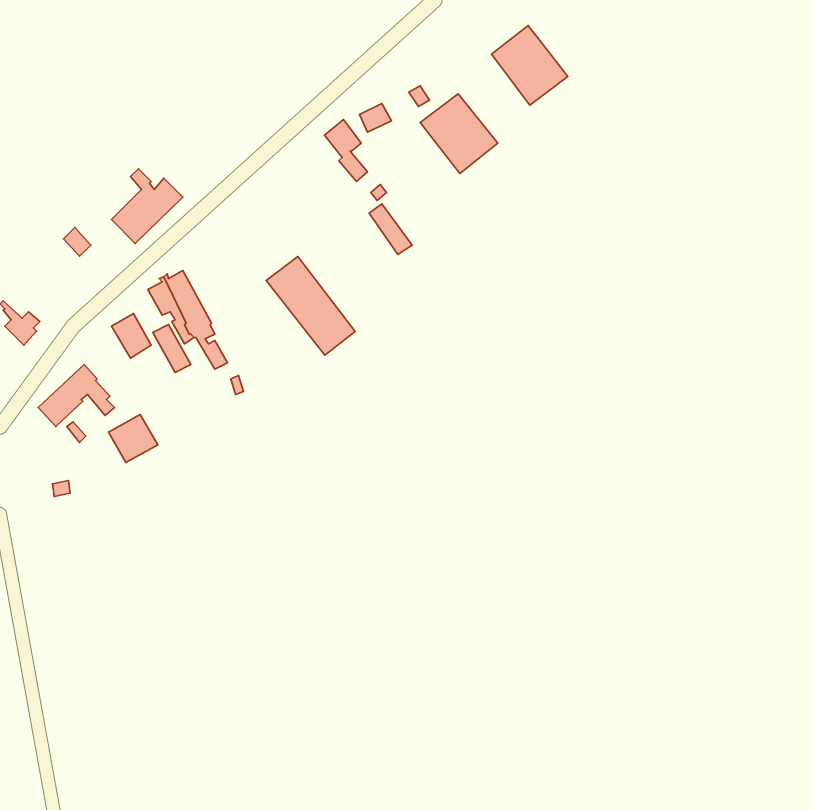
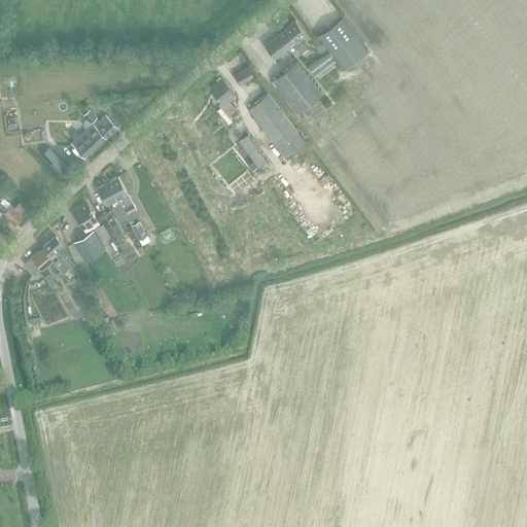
building: none -> [265,22,308,59]
building: [266,257,355,355] -> [247,95,305,159]
building: [108,415,158,462] -> [73,233,105,264]

